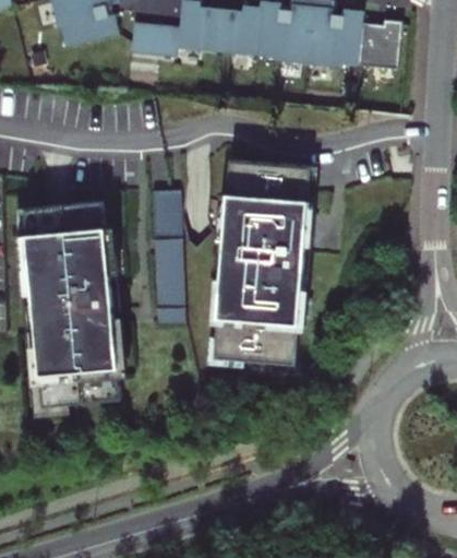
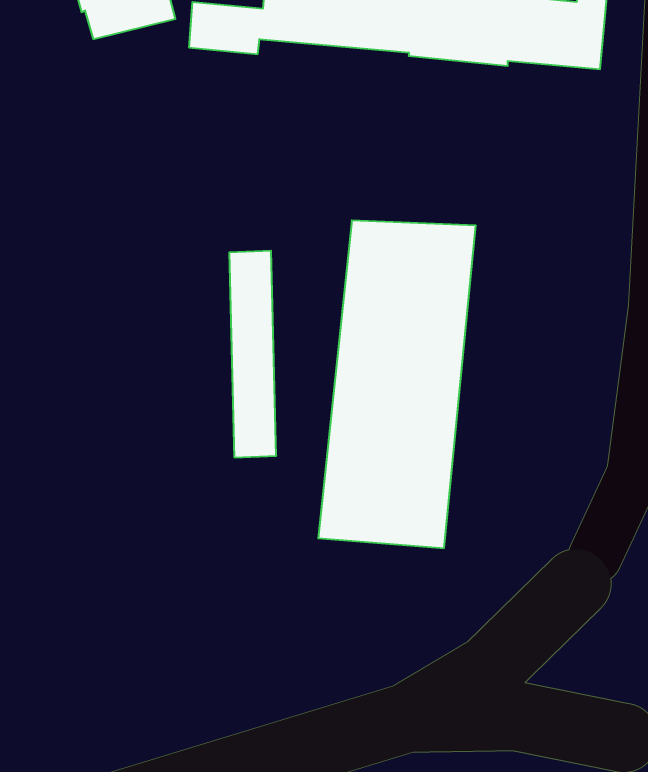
building: [25,204,118,397] -> none

